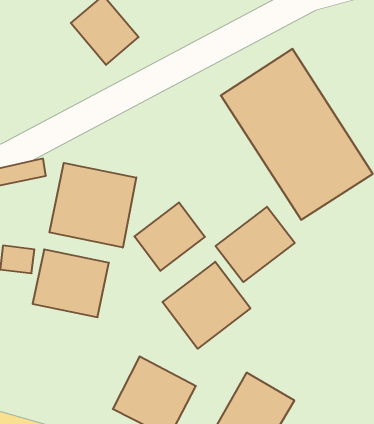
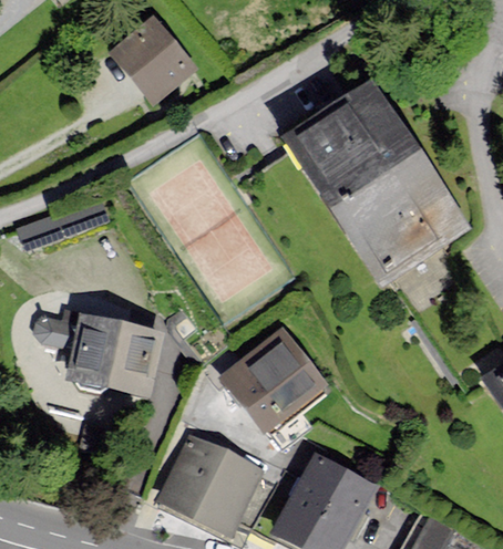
building: [49,163,136,248] -> none
building: [134,202,205,271] -> none
building: [216,207,295,282] -> none

